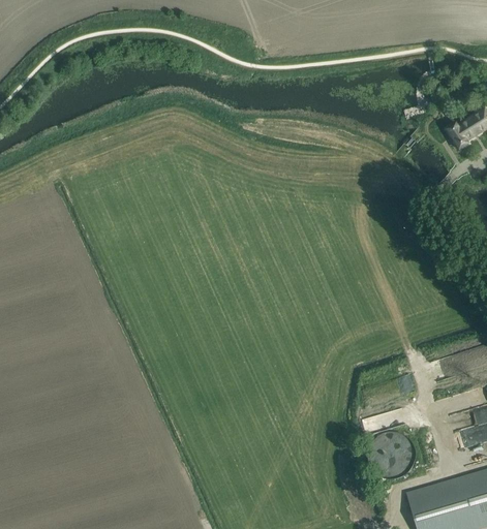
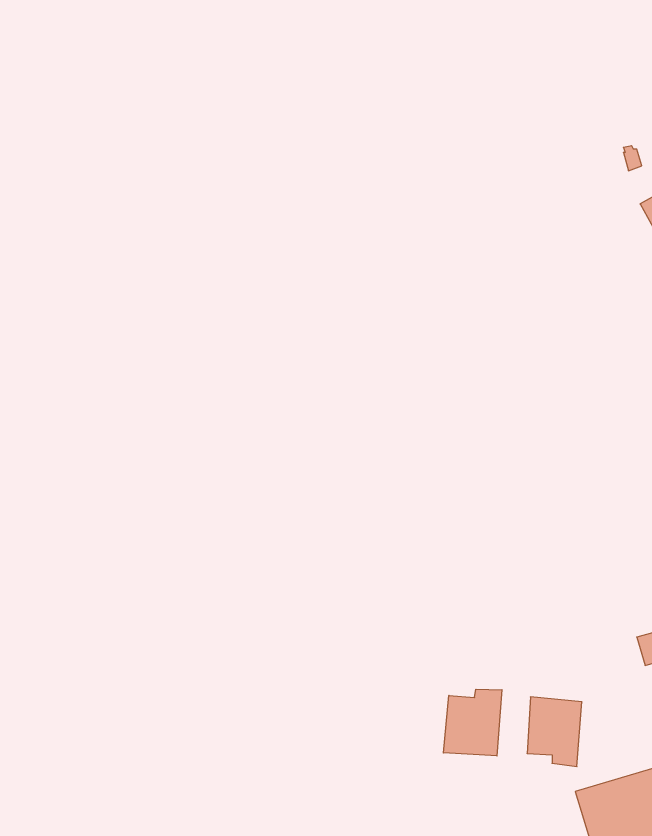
building: none -> [443,689,502,756]

